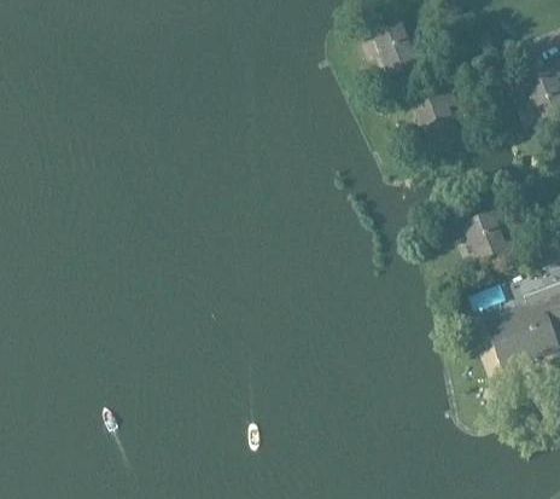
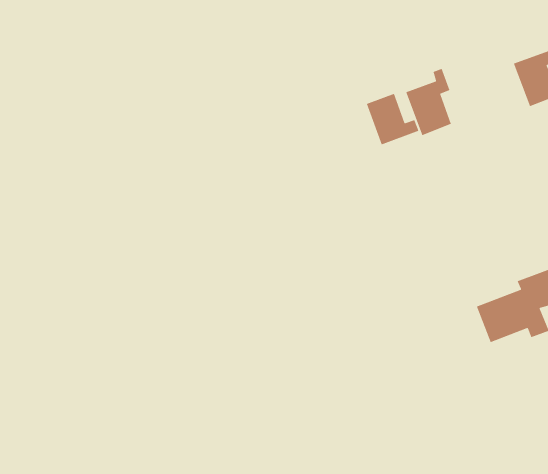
building: [373,23,427,76] -> [366,93,420,145]
building: [462,213,519,268] -> none

